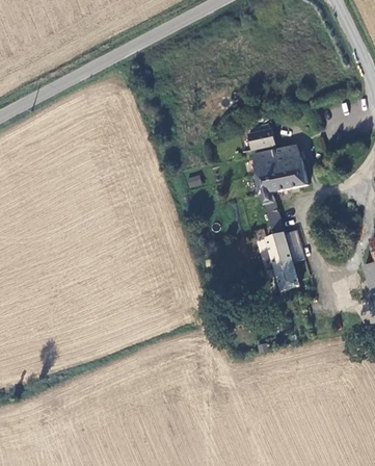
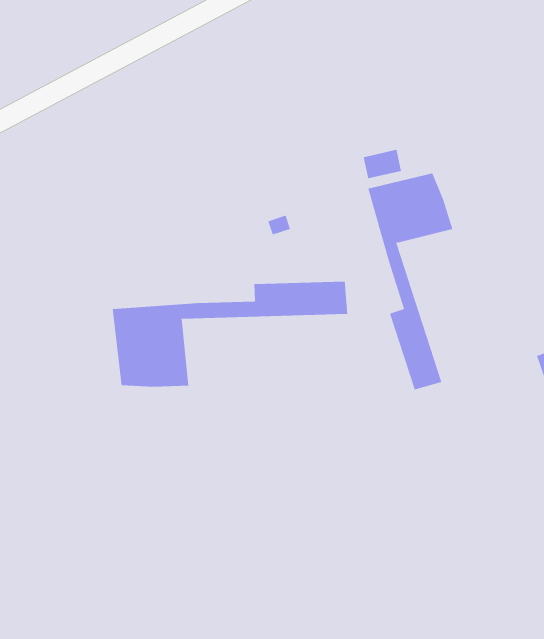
building: none -> [112,281,348,388]

